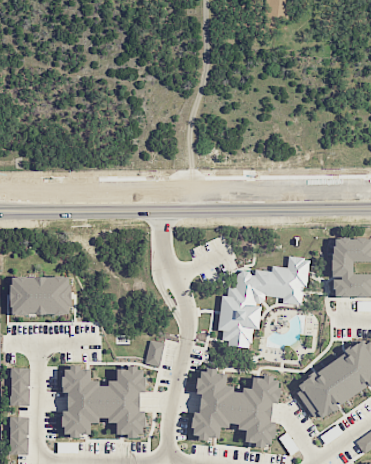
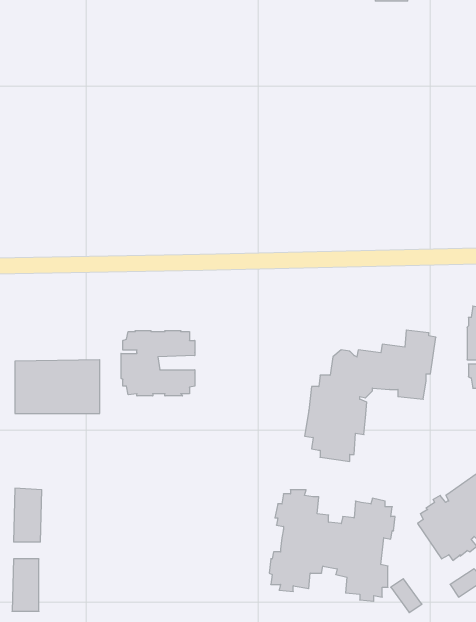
building: none -> [121,331,195,396]
building: [144,340,164,366] -> none
building: [64,367,146,436] -> none

